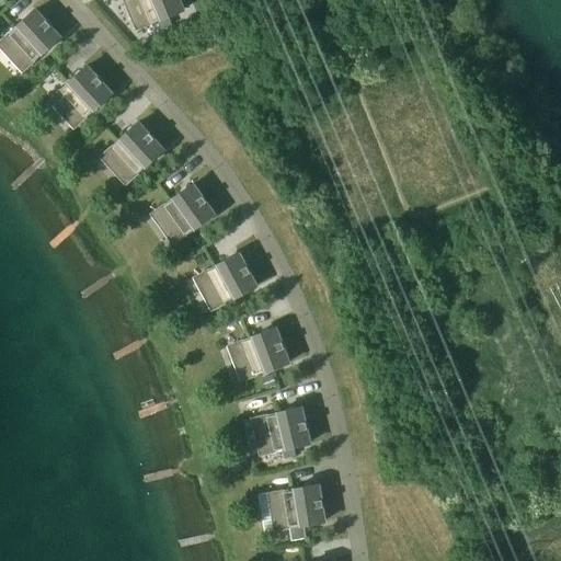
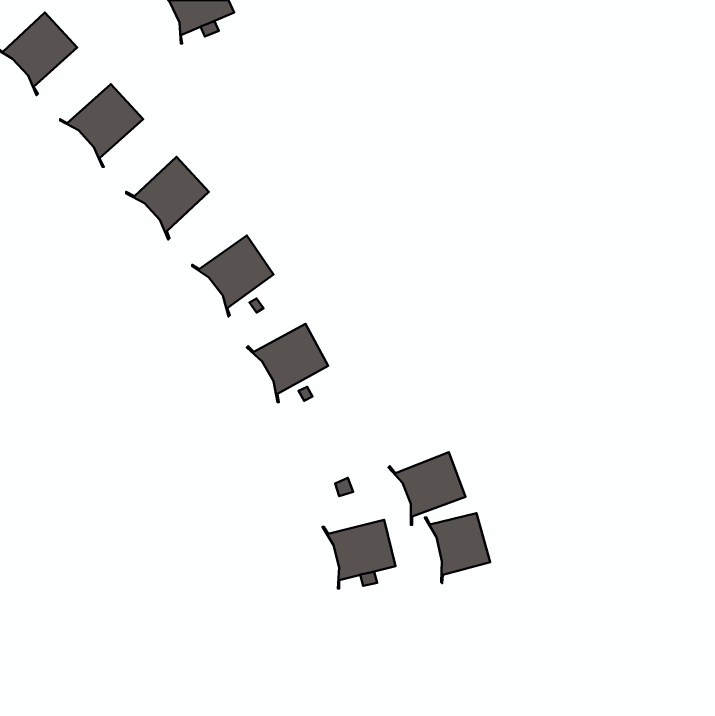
building: [228,328,288,385] -> [388,452,466,525]
building: none -> [425,513,490,583]
building: [270,484,324,535] -> none

